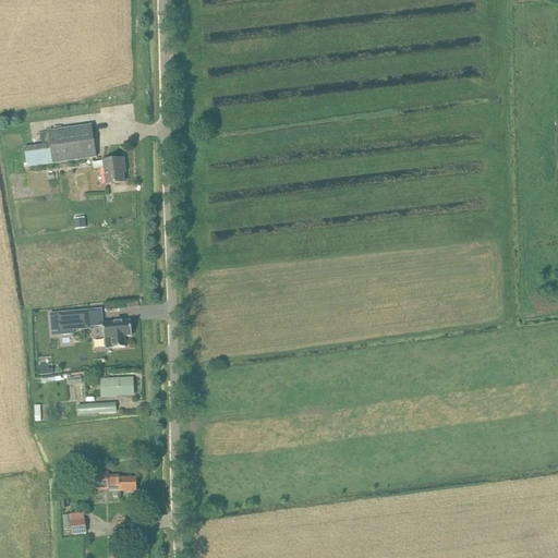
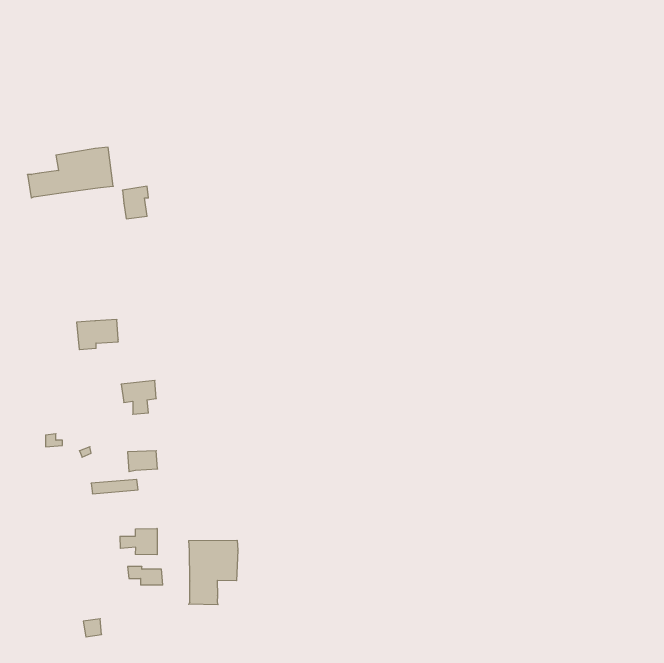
building: [56,308,90,333] -> [77,320,118,350]
building: none -> [120,528,157,555]
building: none -> [189,540,238,605]

